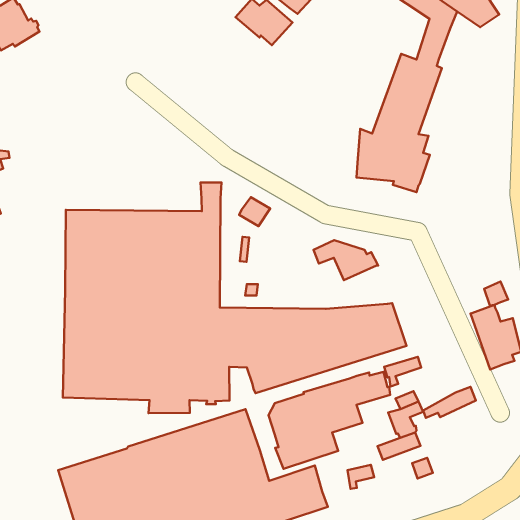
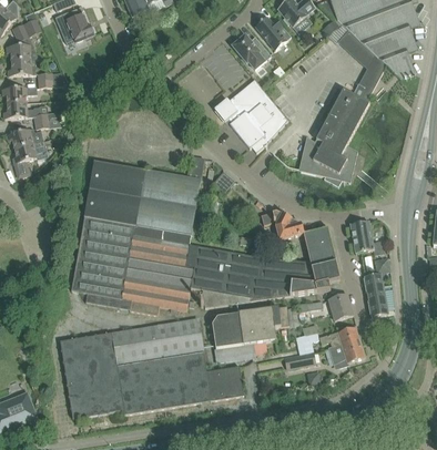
building: none -> [213,78,287,151]
building: none -> [349,219,384,254]
building: none -> [303,226,339,290]
building: none -> [328,292,353,319]
building: none -> [328,336,364,367]

